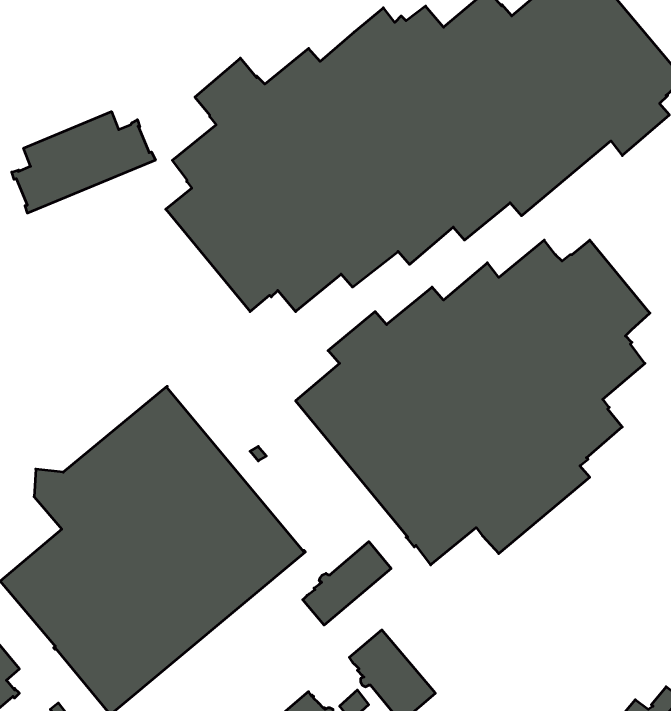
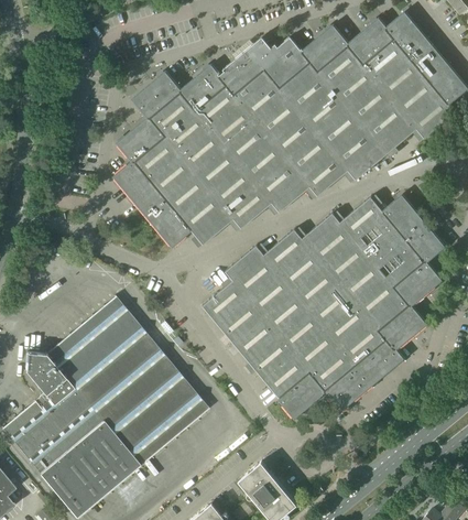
building: [12,112,155,213] -> none
building: [303,542,391,625] -> none

